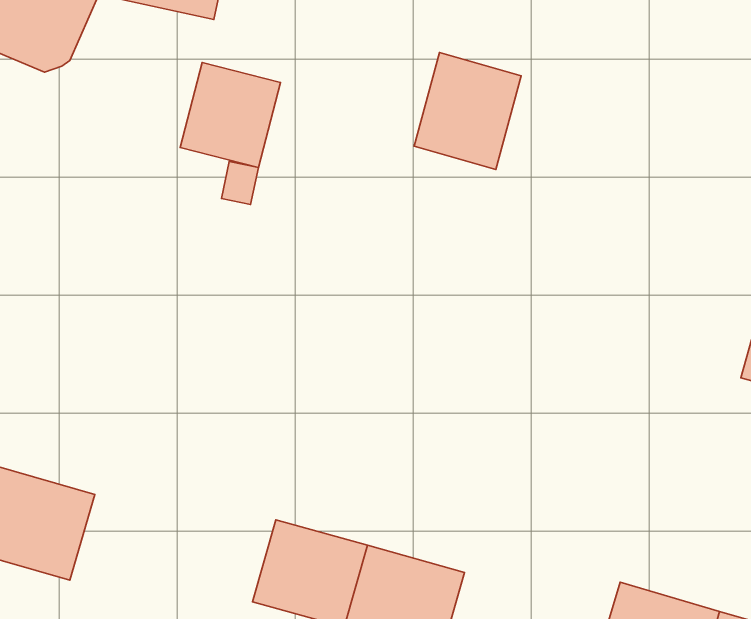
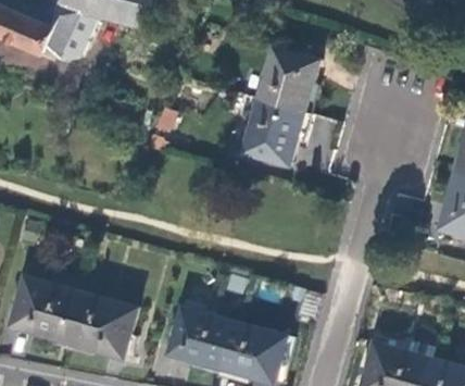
building: [180,63,281,168] -> none
building: none -> [244,99,305,164]
building: none -> [67,294,138,358]

